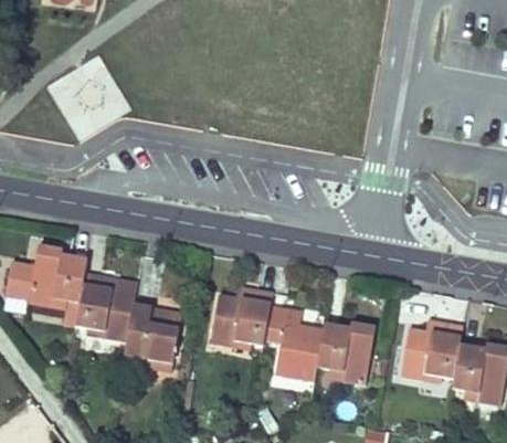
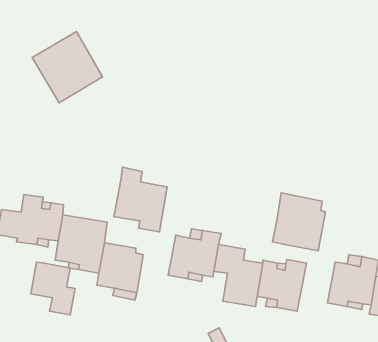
building: none -> [114,167,167,232]
building: none -> [272,193,326,251]
building: none -> [31,262,75,315]

